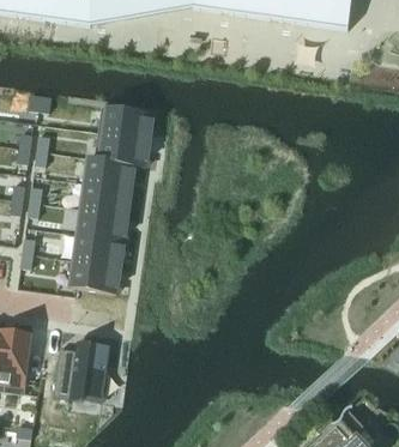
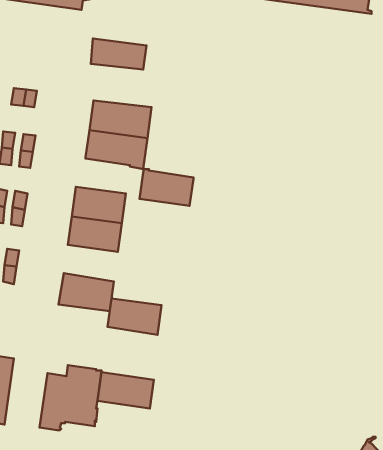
building: none -> [91,38,146,70]
building: [86,156,134,188] -> [139,169,193,206]
building: [75,234,123,266] -> [108,298,161,335]
building: none -> [98,372,154,408]

